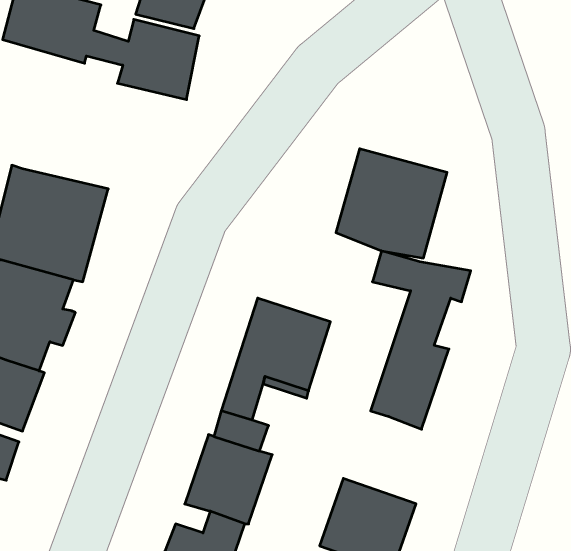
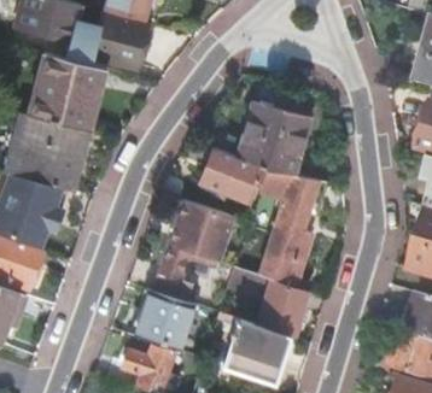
building: none -> [28,52,103,128]
building: none -> [199,147,265,201]
building: none -> [227,265,308,334]

